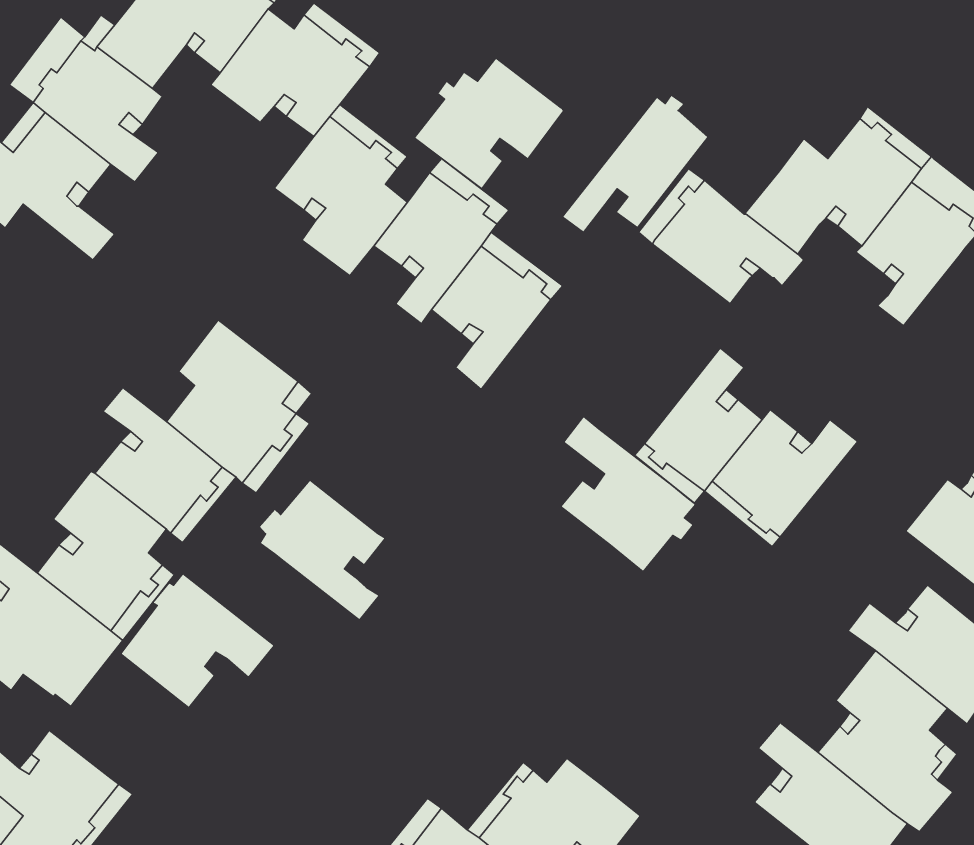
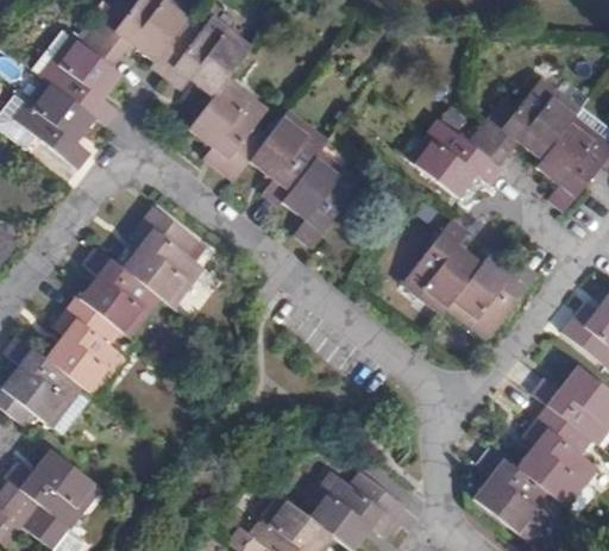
building: [414,58,564,189] -> none
building: [562,95,708,233] -> none
building: [560,416,696,572] -> none
building: [259,480,385,620] -> none
building: [121,574,274,708] -> none

